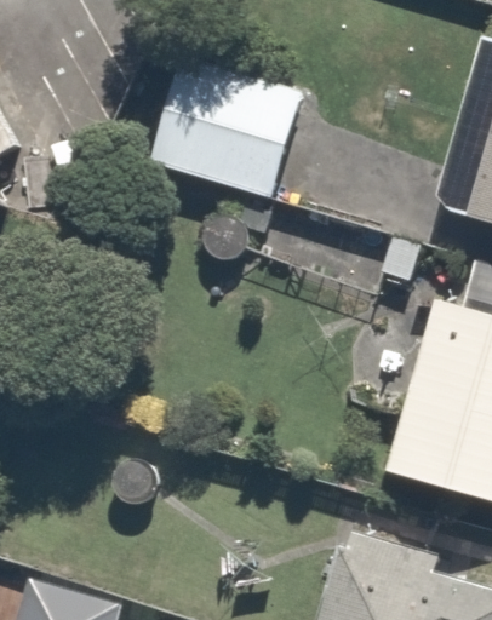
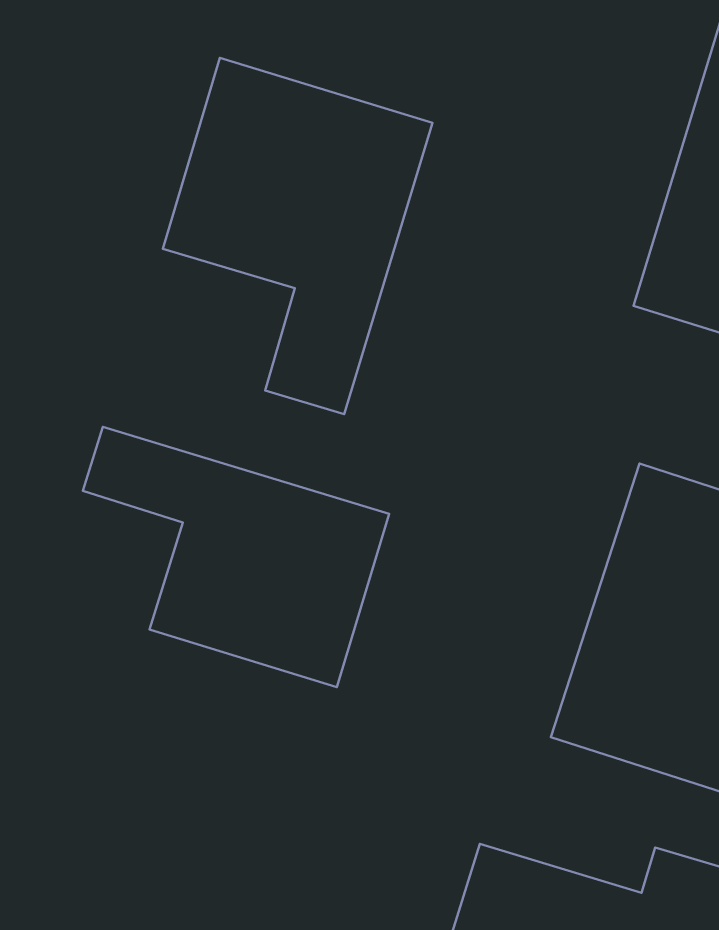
building: none -> [83,427,389,687]

